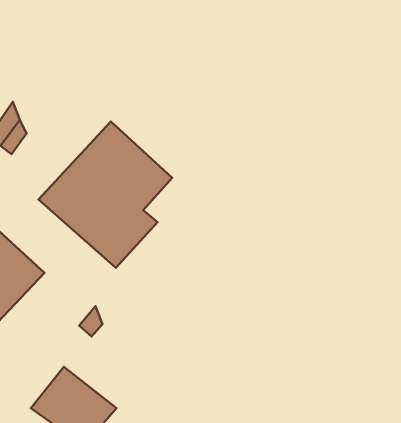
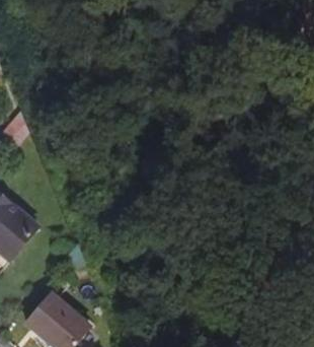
building: [38,121,172,268] -> none

